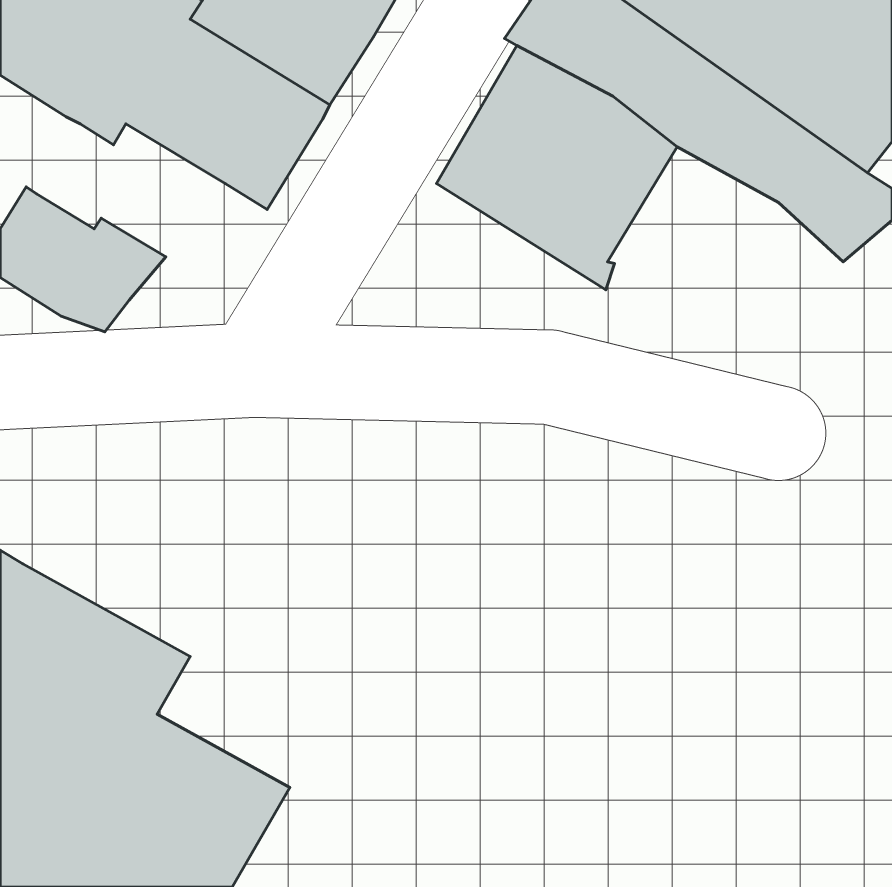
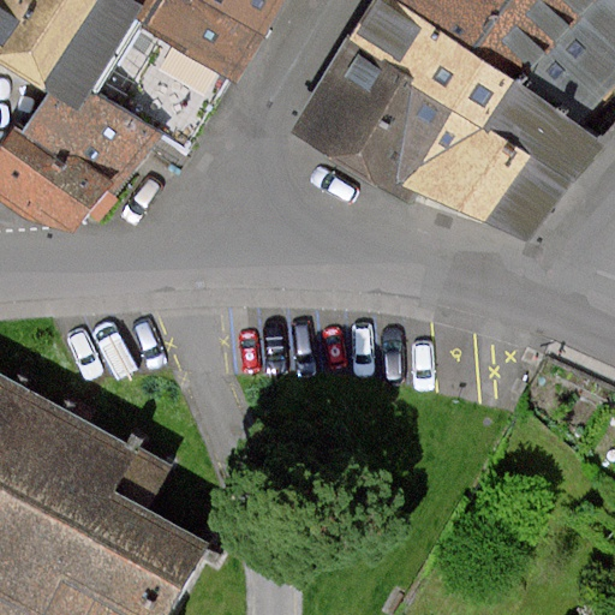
building: none -> [25,85,155,177]
building: none -> [418,101,580,234]

